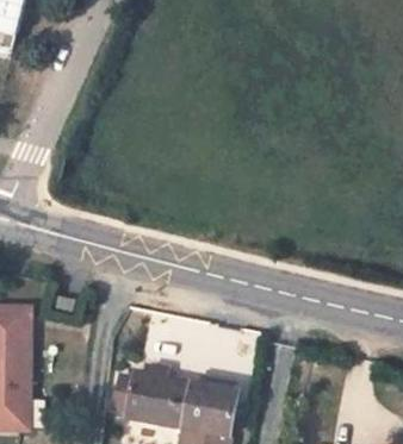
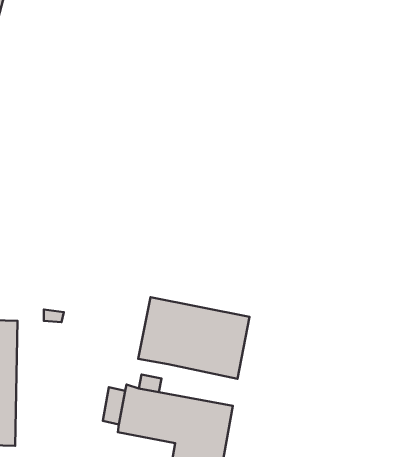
building: none -> [138,297,250,379]

